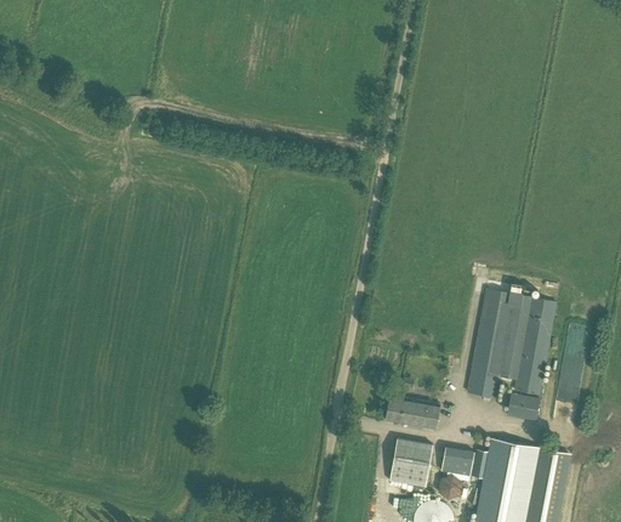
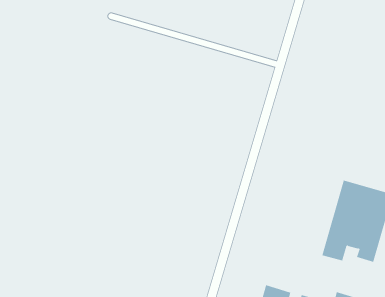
building: [506,393,537,420] -> none
building: [386,396,440,430] -> none

